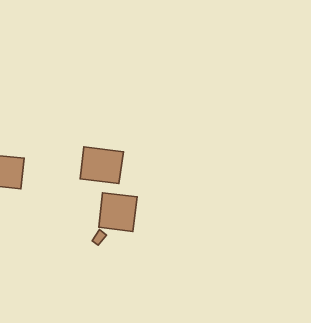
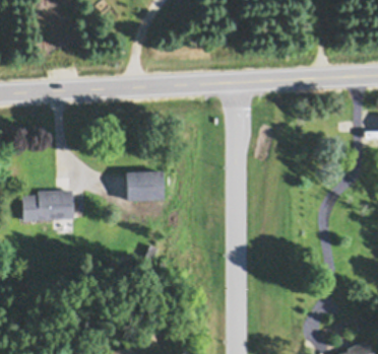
building: [99,193,137,231] -> none

